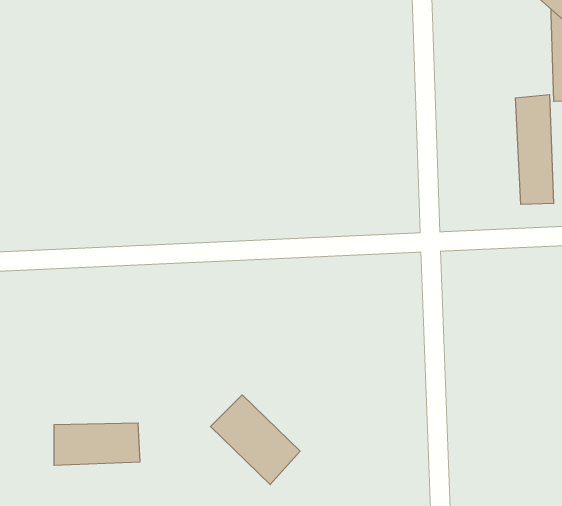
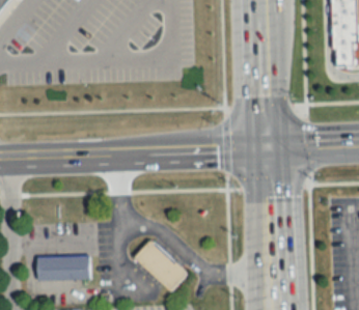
building: [515,95,554,204] -> none

